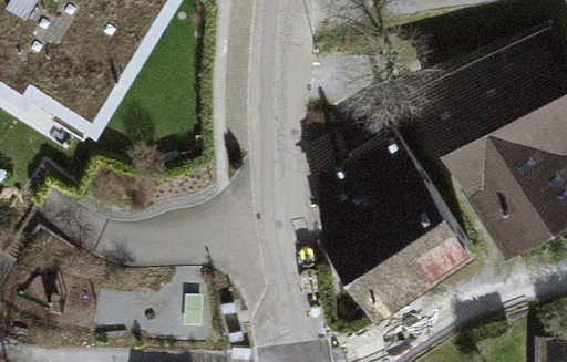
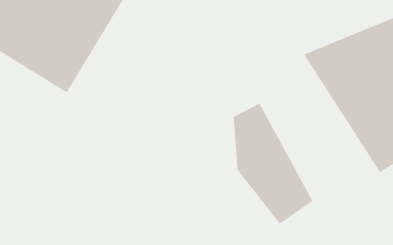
building: [357,138,476,289] -> none

